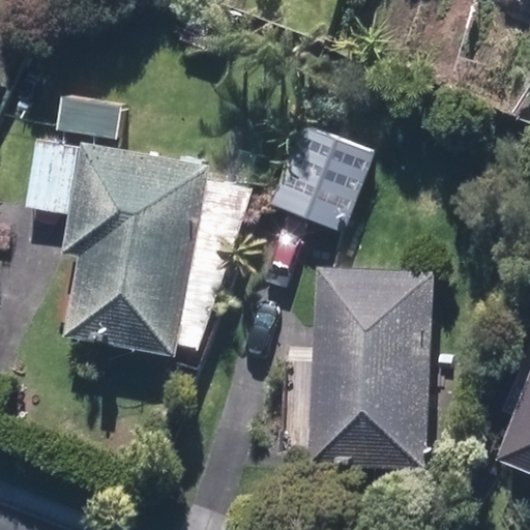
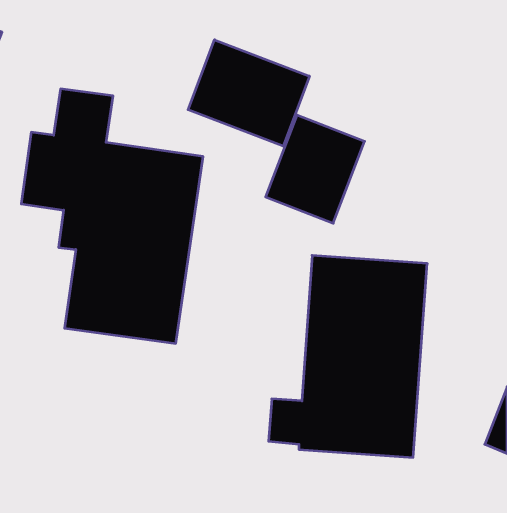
building: none -> [188,40,309,146]

